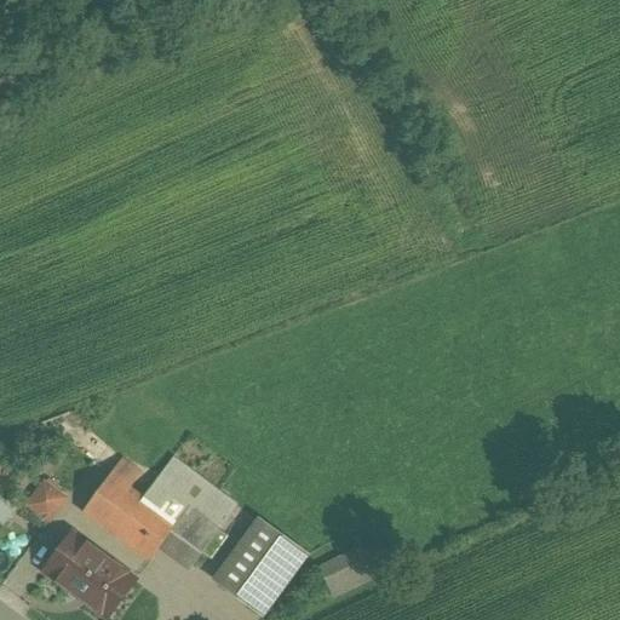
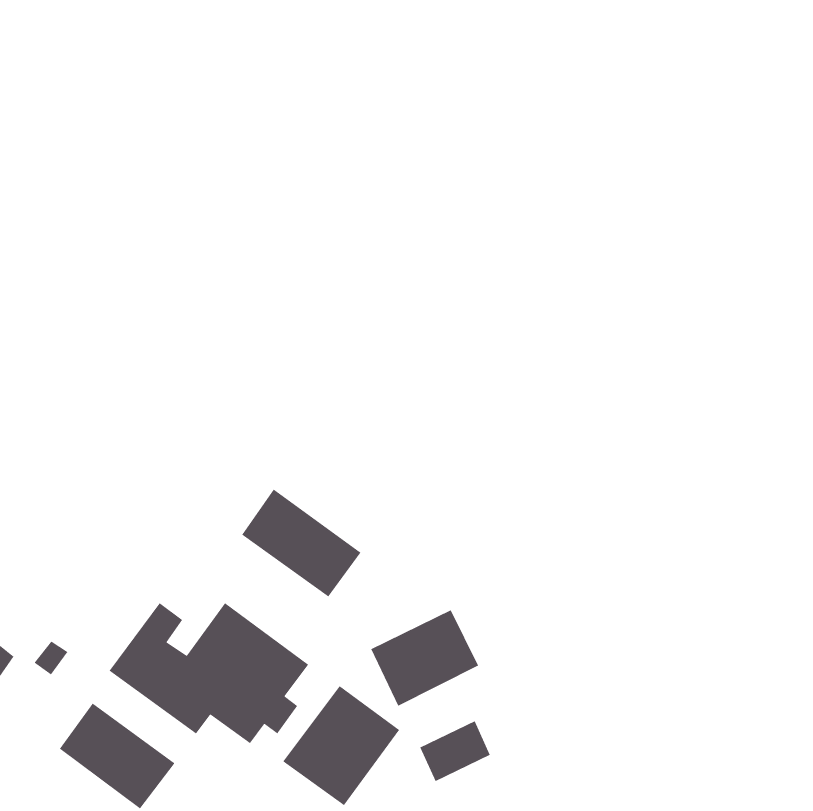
building: none -> [241,488,362,597]
building: none -> [370,609,479,707]

